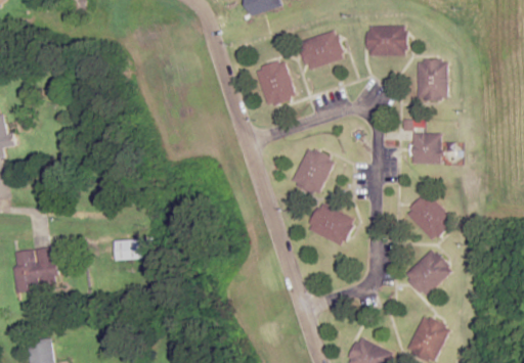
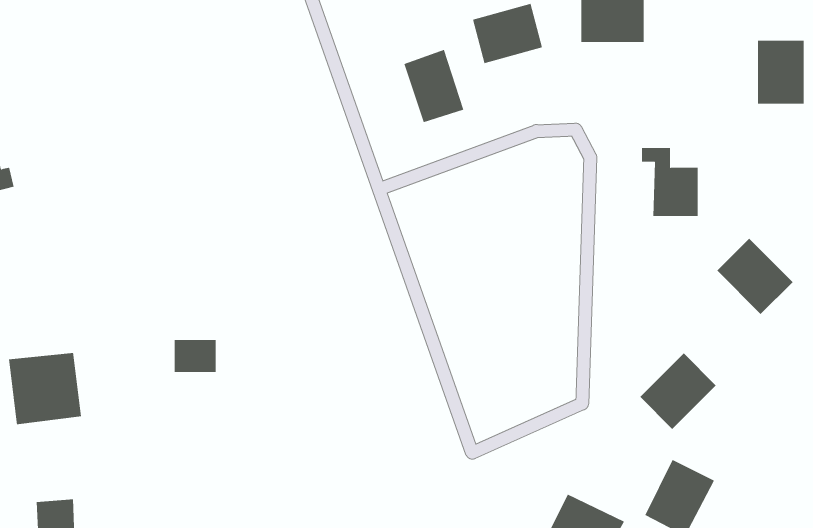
building: [417,59,446,99] -> [757,40,805,104]
building: [292,147,334,193] -> none
building: [405,192,453,240] -> [716,238,793,315]
building: [306,202,354,245] -> none

